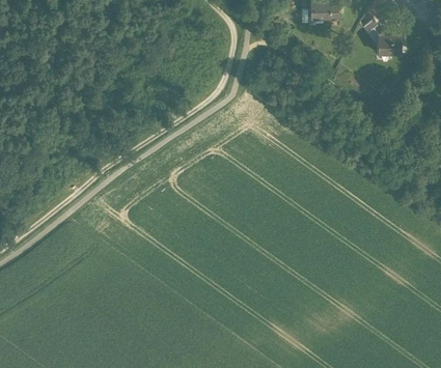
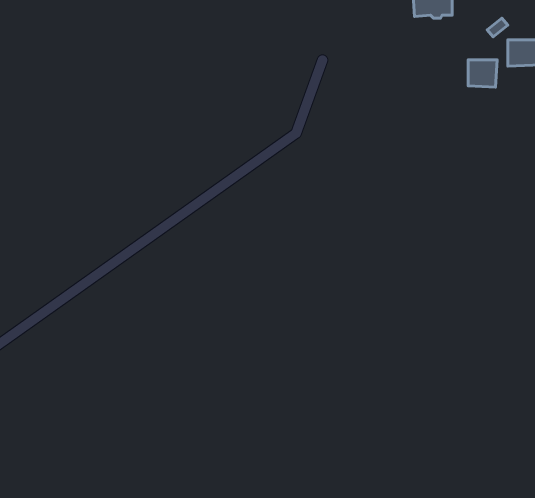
building: none -> [468,60,497,87]

